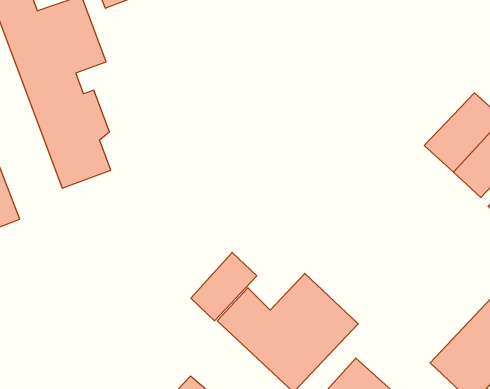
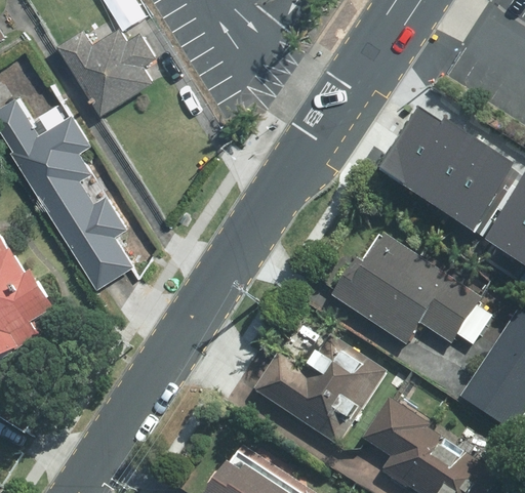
building: none -> [395,115,461,192]
building: none -> [319,237,484,350]
building: [191,252,257,321] -> none

